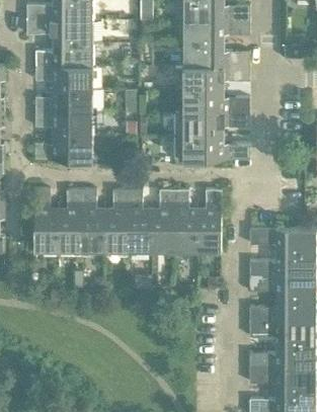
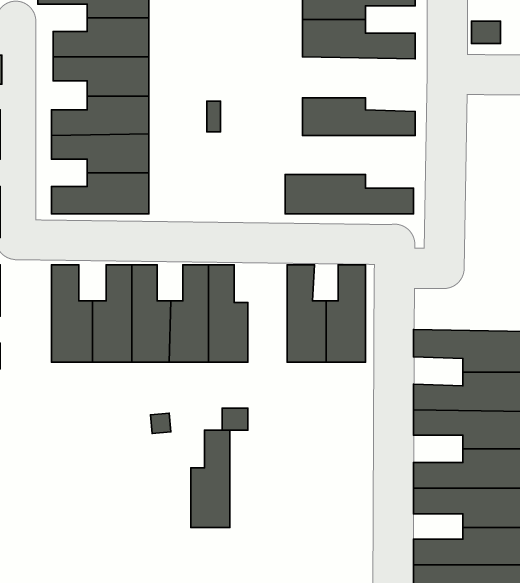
building: [182,66,249,90] -> none
building: [172,112,249,136] -> none
building: [150,189,173,247] -> [191,430,230,527]

